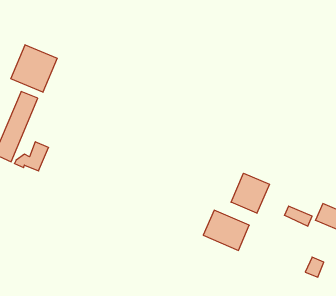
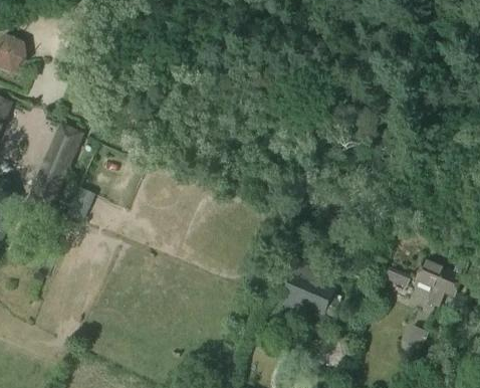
building: [11,45,57,92] -> none
building: [231,173,269,213] -> none

